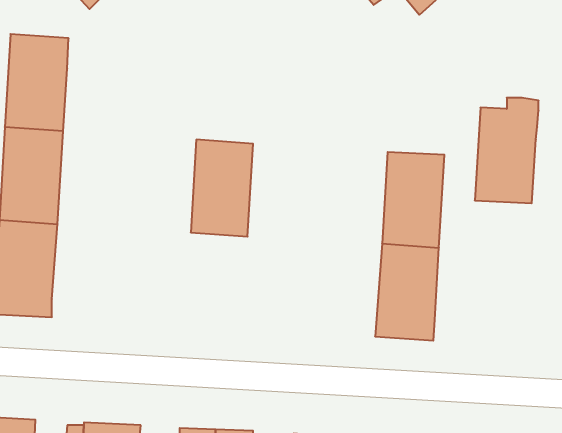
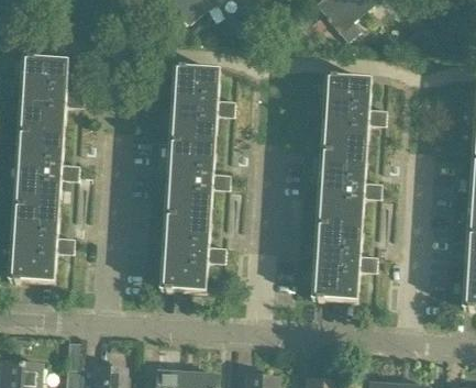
building: none -> [170,67,221,144]
building: [475,98,539,203] -> [322,69,373,153]
building: none -> [162,214,211,291]

